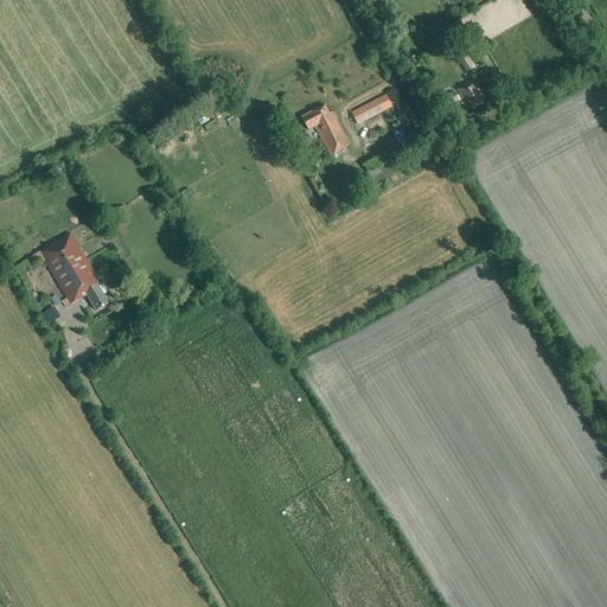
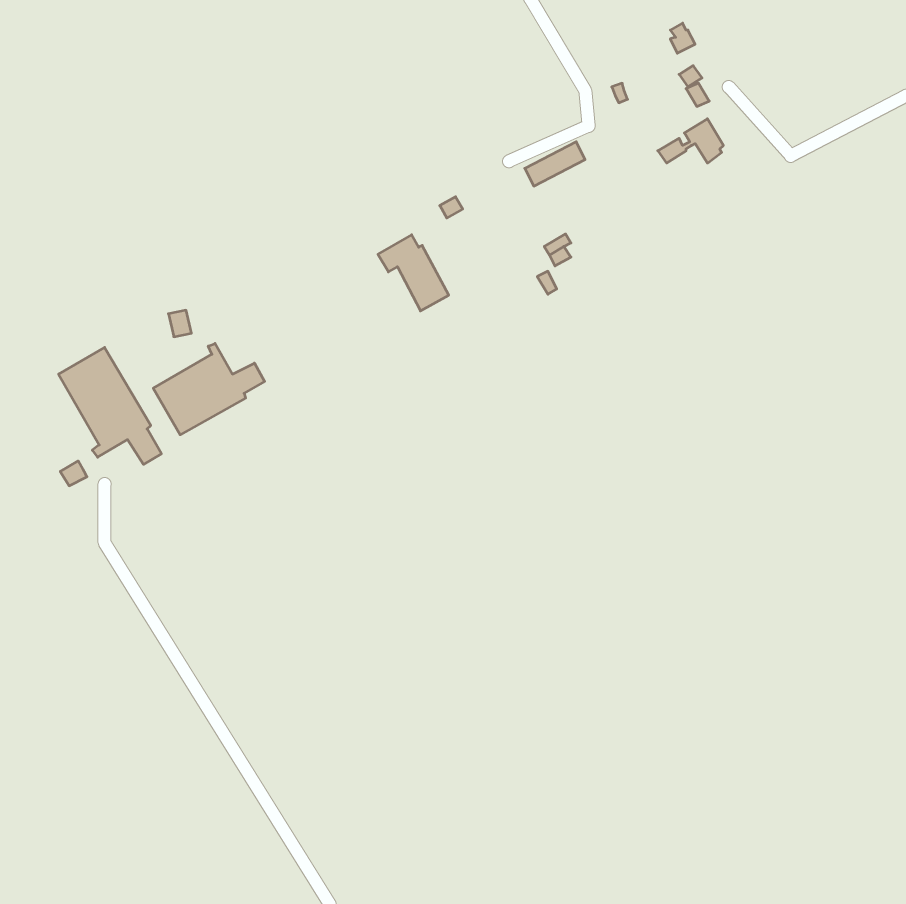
building: [301,104,349,155] -> [378,235,449,311]
building: none -> [153,343,265,435]

